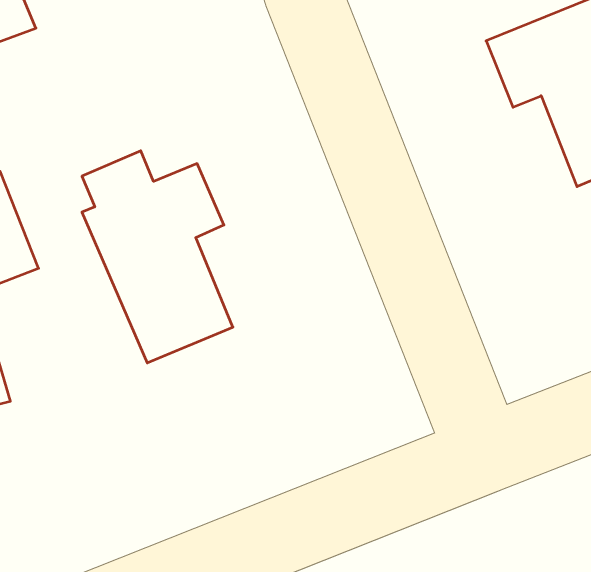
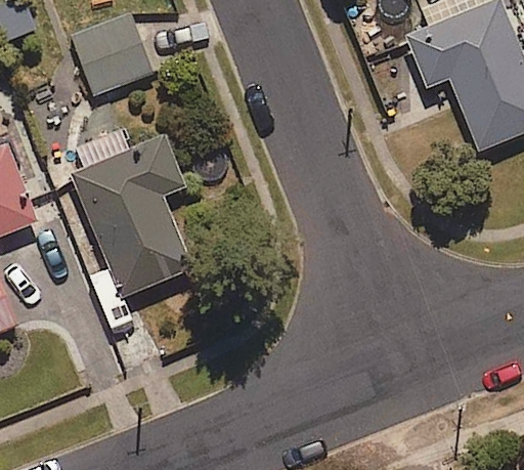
building: none -> [70,11,156,96]

